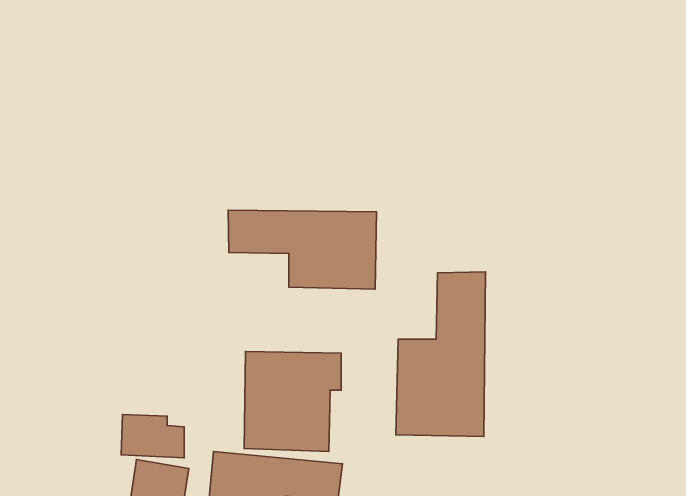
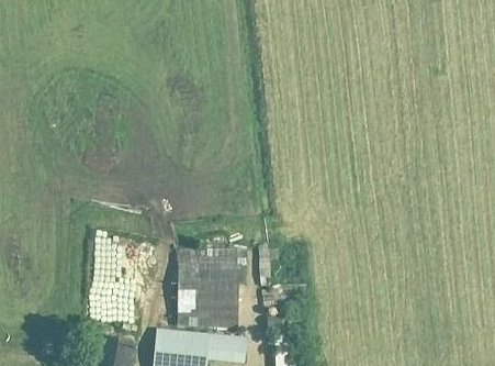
building: [228,210,376,289] -> none
building: [396,272,486,436] -> none

